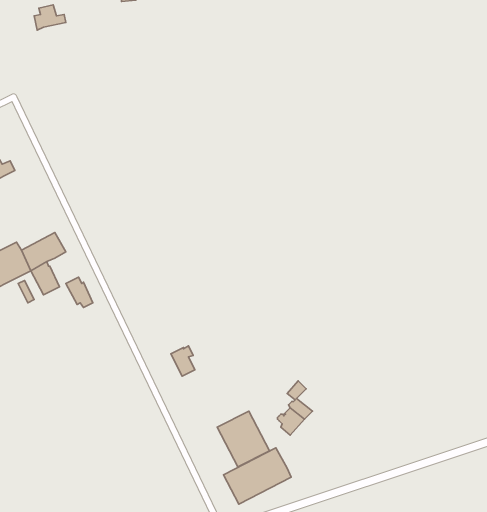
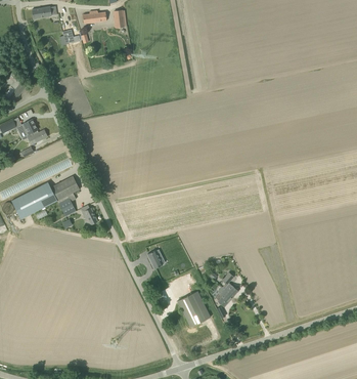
building: [224,448,291,504] -> none

